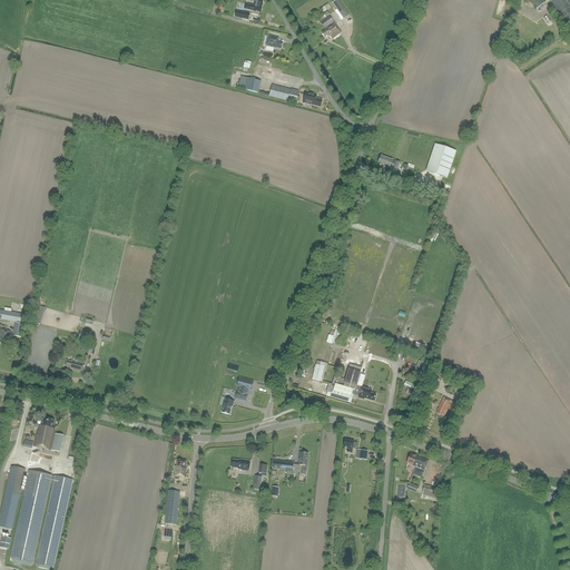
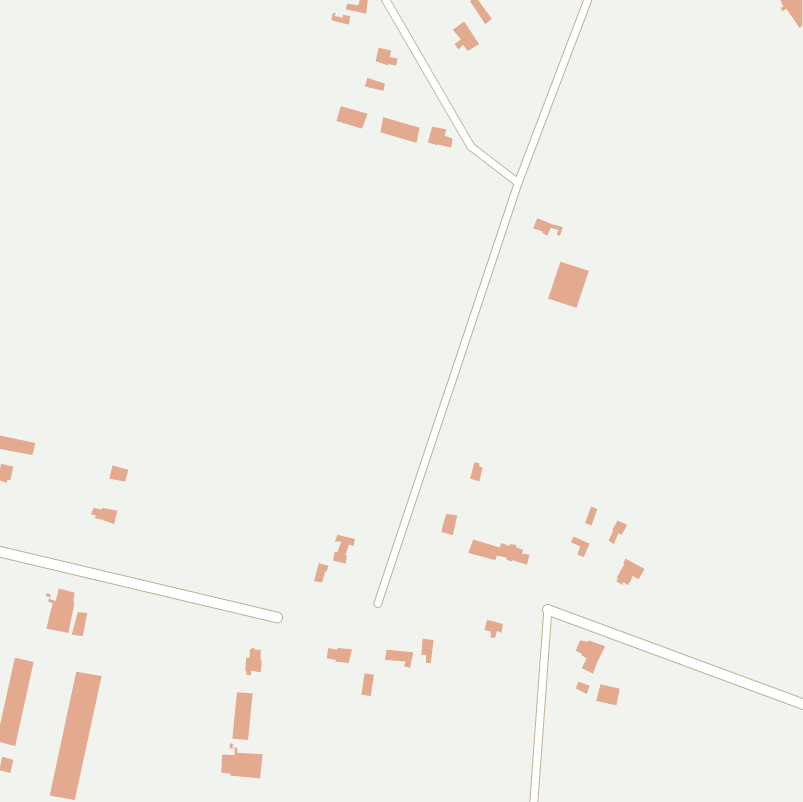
building: [425,142,455,176] -> [547,261,590,308]
building: [9,469,51,561] -> none
building: none -> [221,742,263,779]

